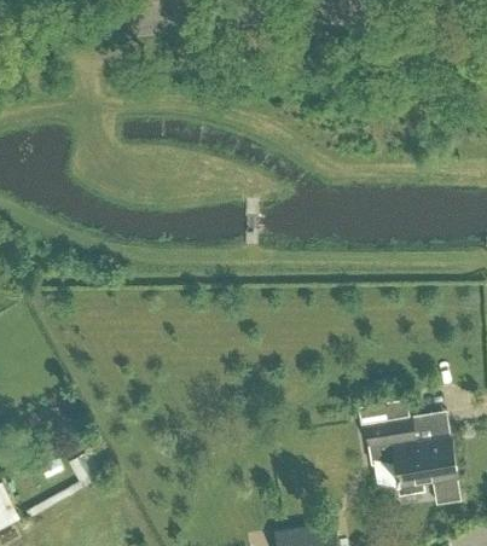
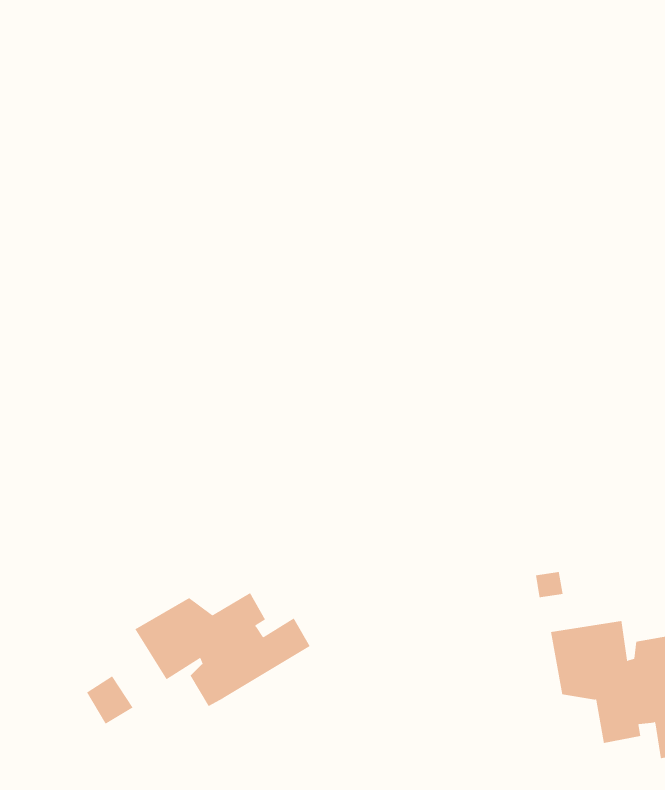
building: none -> [135,592,310,707]

